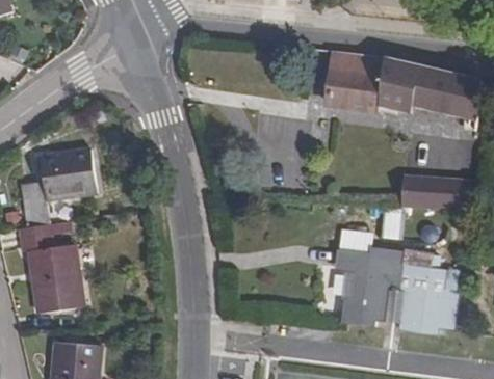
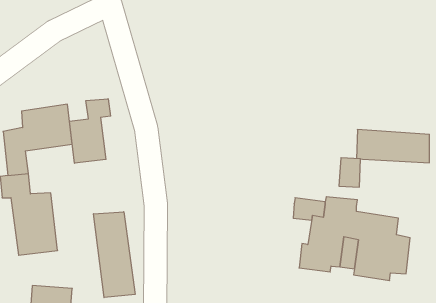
building: [324,50,479,110] -> none
building: none -> [69,99,111,163]
building: none -> [94,212,135,298]

